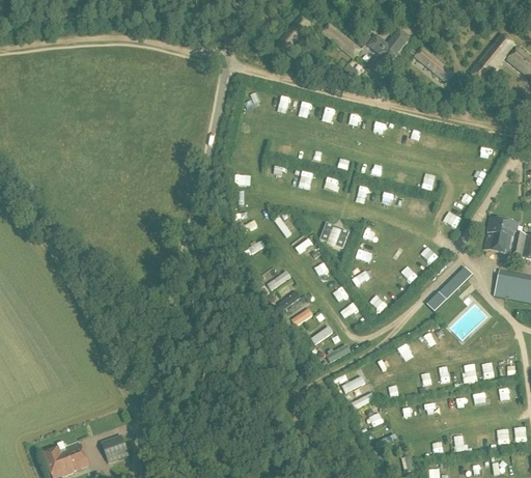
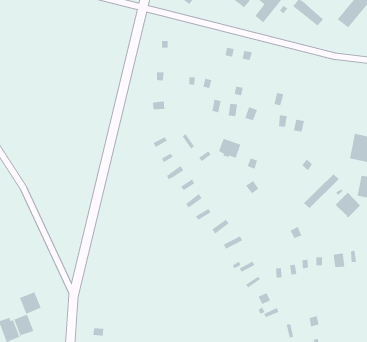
building: none -> [335,192,361,219]
building: [101,433,129,462] -> [19,291,41,314]

